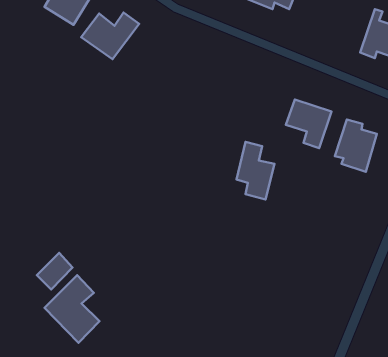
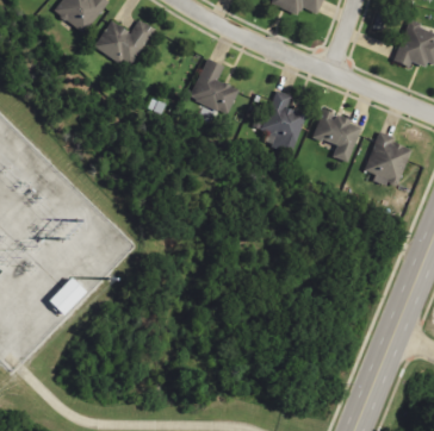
building: none -> [190,58,238,113]
building: [237,142,274,200] -> [264,89,304,151]
building: [45,275,100,343] -> none

